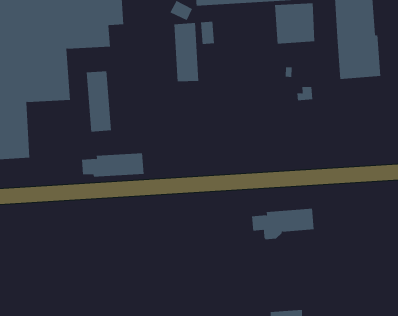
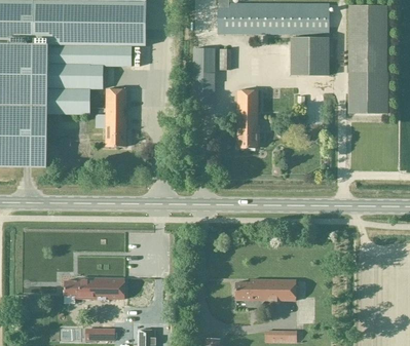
building: none -> [235,89,257,147]
building: [81,153,144,177] -> [64,276,123,298]
building: [251,208,314,240] -> [234,278,294,305]

